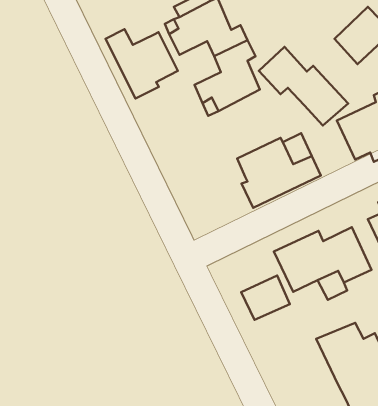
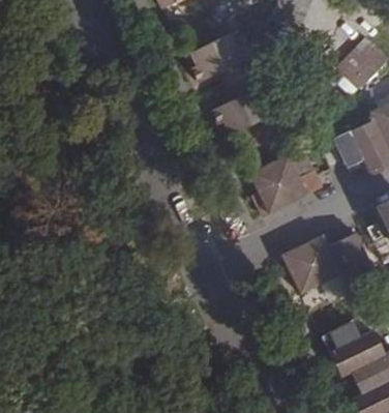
building: [106,29,178,98] -> none
building: [259,47,348,126] -> none
building: [241,276,290,320] -> none

